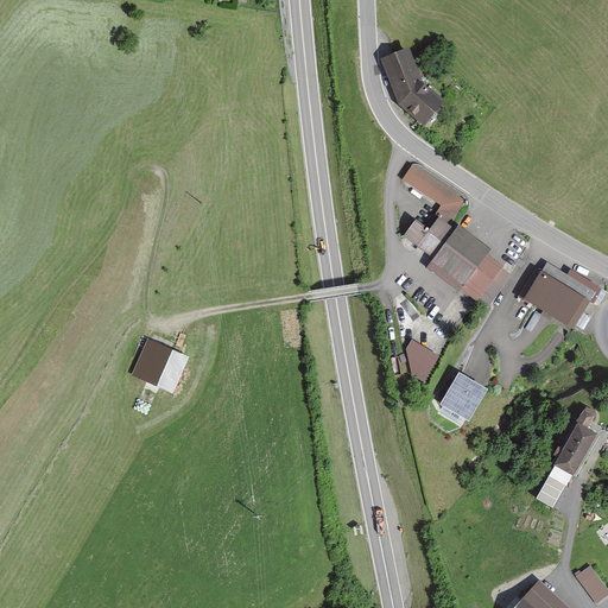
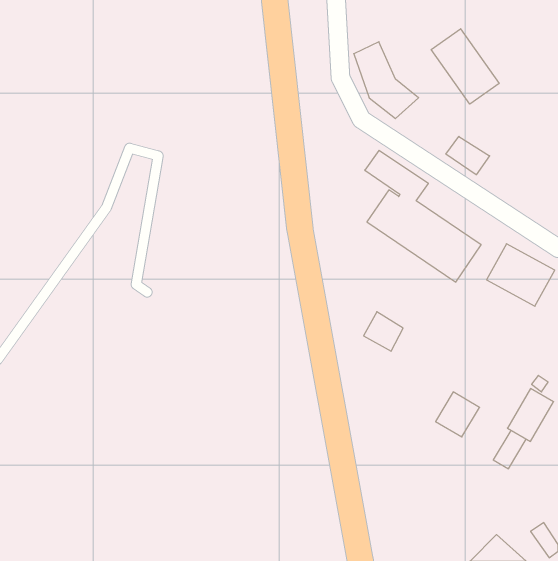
building: none -> [431,29,499,104]
building: none -> [446,136,490,175]
building: [134,342,198,397] -> none
building: [437,368,484,417] -> [436,392,480,437]

